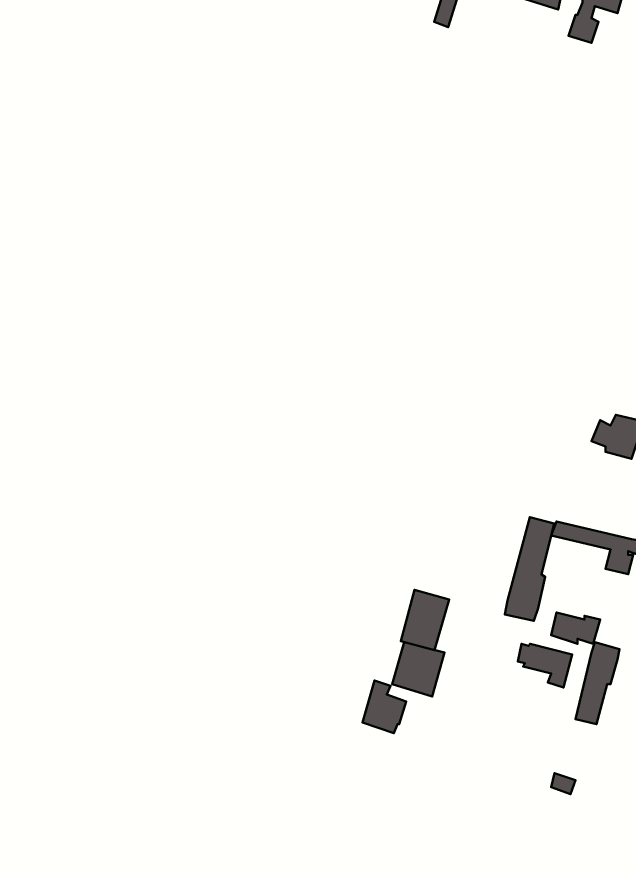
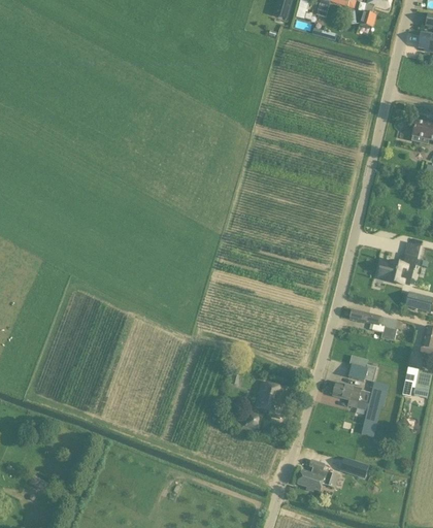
building: [505,517,554,621] -> none
building: [401,590,449,650] -> none
building: none -> [296,459,337,491]

